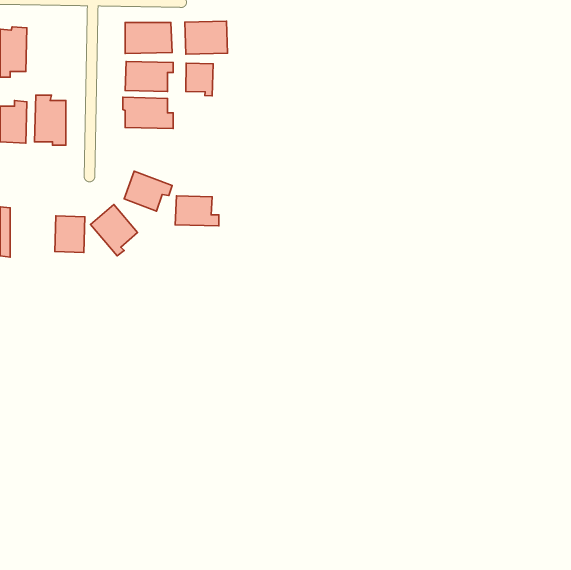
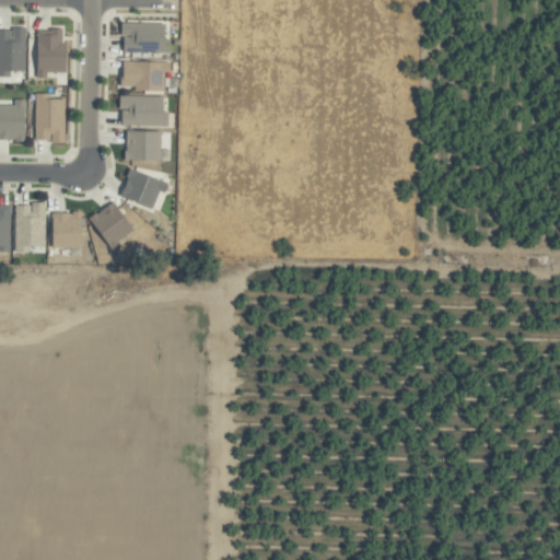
building: [185,21,228,54] -> none
building: none -> [36,28,69,77]
building: [186,63,213,96] -> none
building: [175,196,219,226] -> [126,130,168,160]
building: none -> [13,203,45,252]

